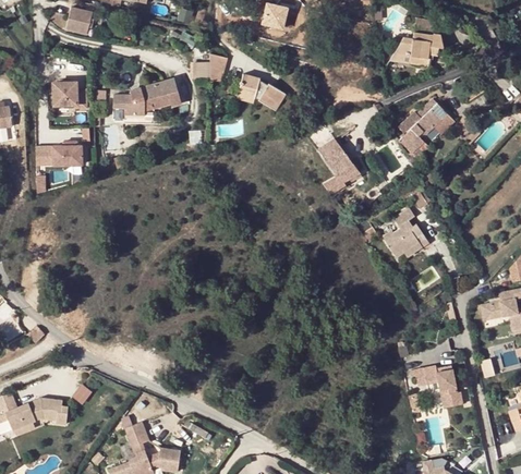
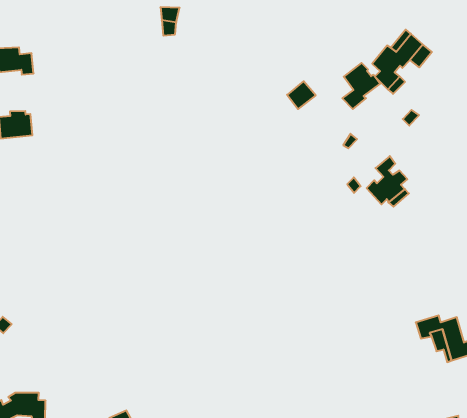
building: [238,74,284,111] -> none
building: [112,80,178,117] -> none
building: [323,153,359,194] -> [342,63,380,109]

